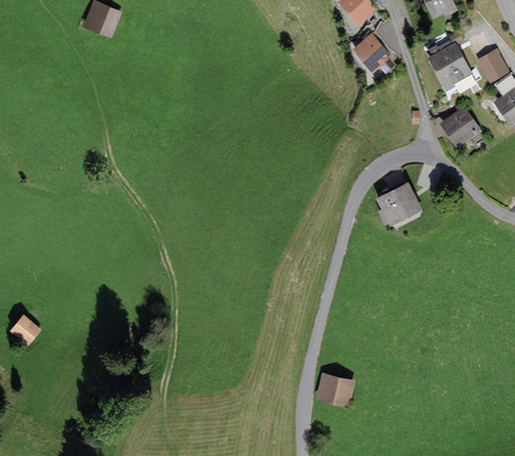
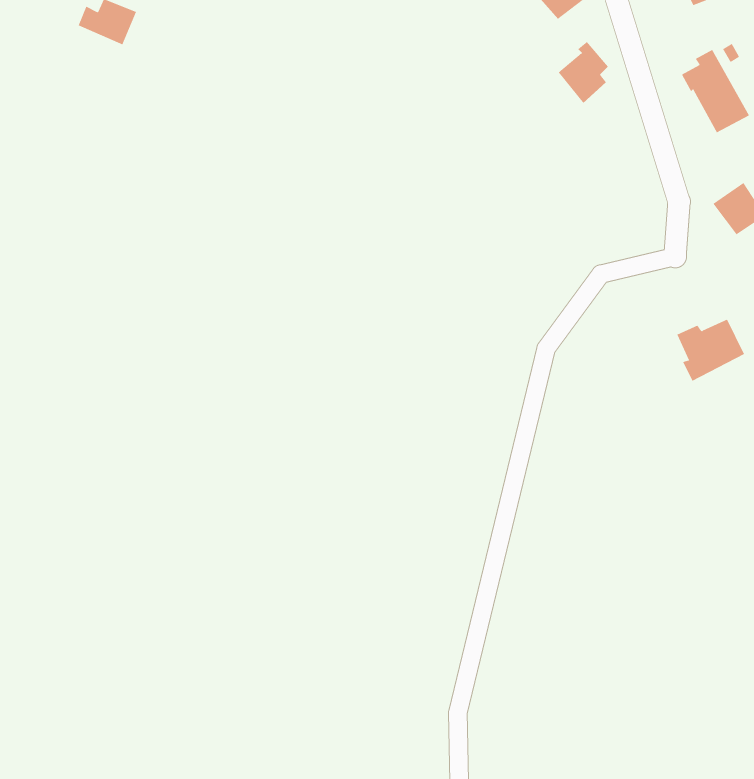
building: [376,189,415,224] -> [676,319,745,382]
building: [317,377,350,403] -> none

